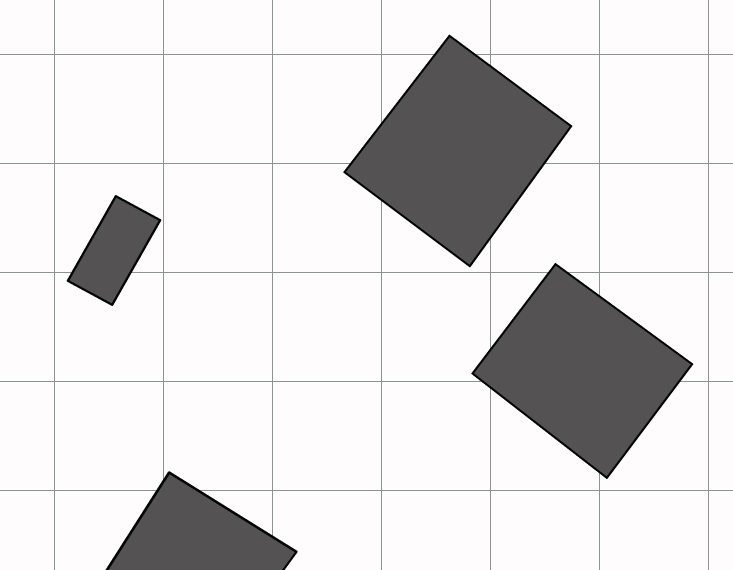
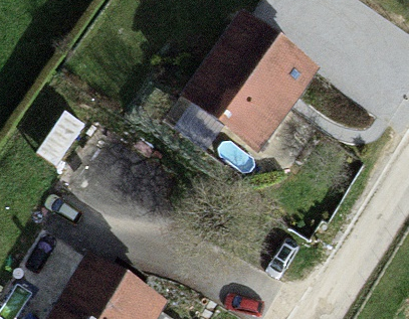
building: [472,264,692,478] -> none

